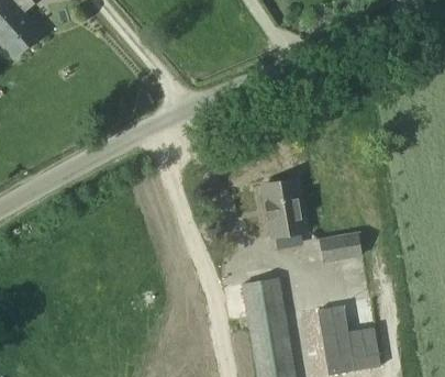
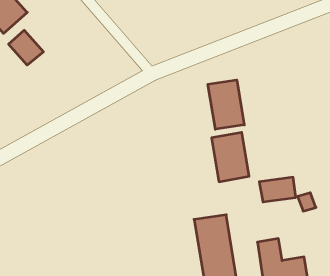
building: none -> [9,30,43,65]
building: none -> [208,80,244,129]

